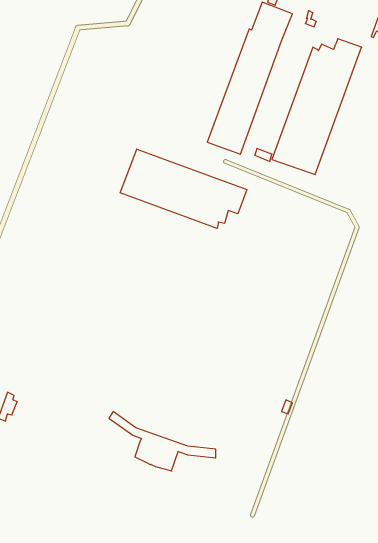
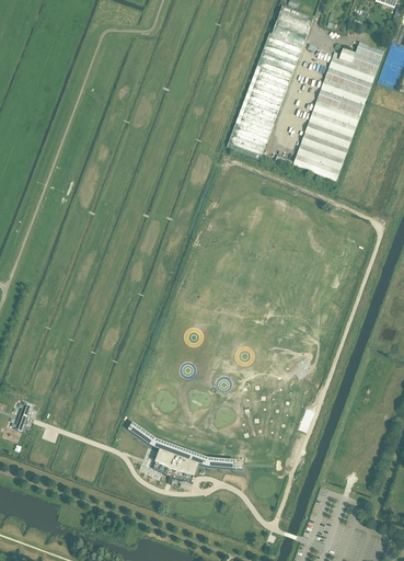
building: [120,149,247,228] -> none

